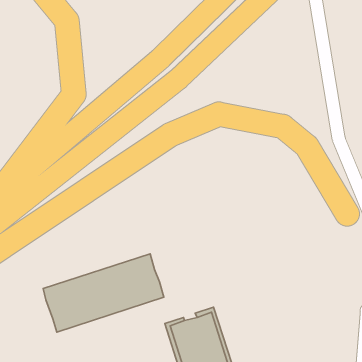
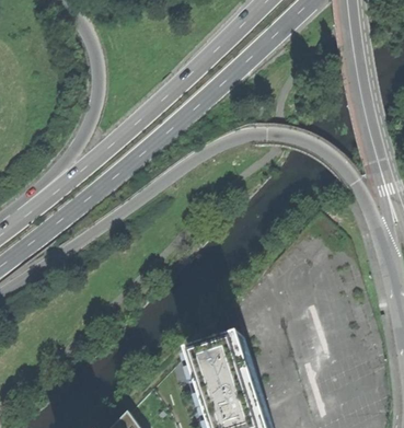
building: [43,254,164,332] -> none

